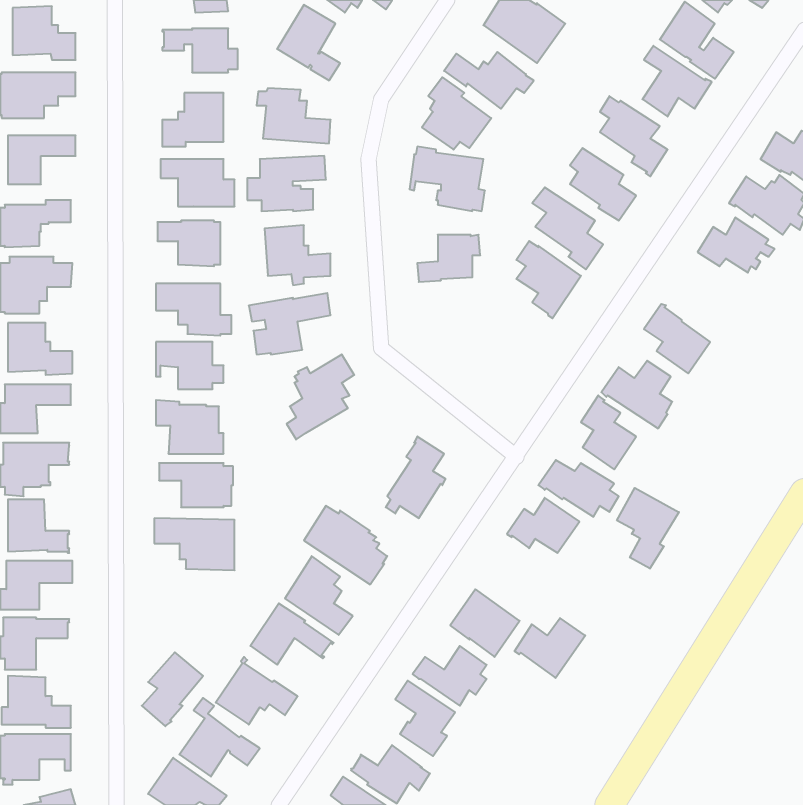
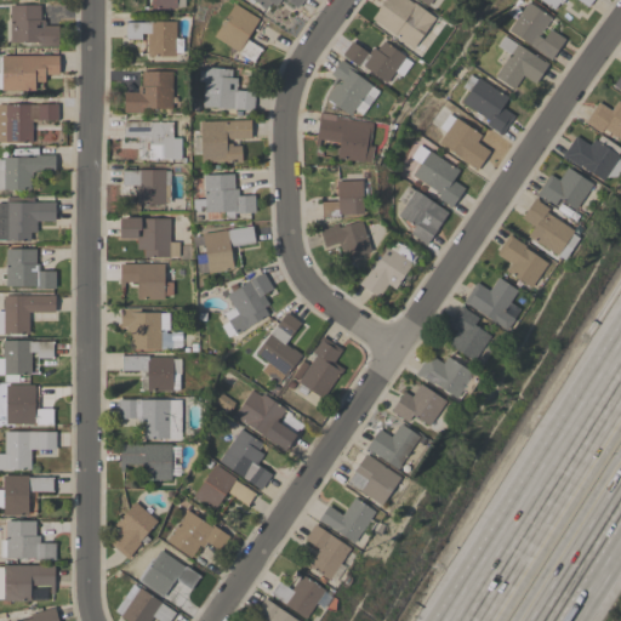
building: none -> [523,198,580,260]
building: none -> [320,220,372,258]
building: none -> [360,244,418,297]
building: none -> [257,312,302,382]
building: [617,488,679,569] -> none
building: none -> [121,444,182,480]
building: [514,618,585,678] -> [366,423,421,469]

